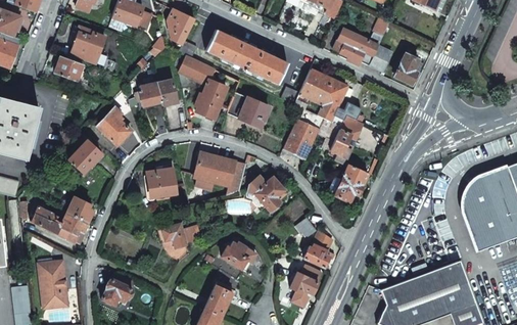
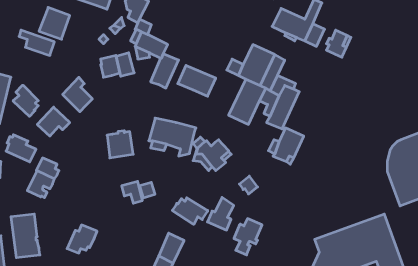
building: [206,30,288,84] -> none
building: none -> [13,85,38,116]
building: [31,203,64,234] -> [6,135,36,162]
building: [303,231,333,268] -> [207,197,234,230]

